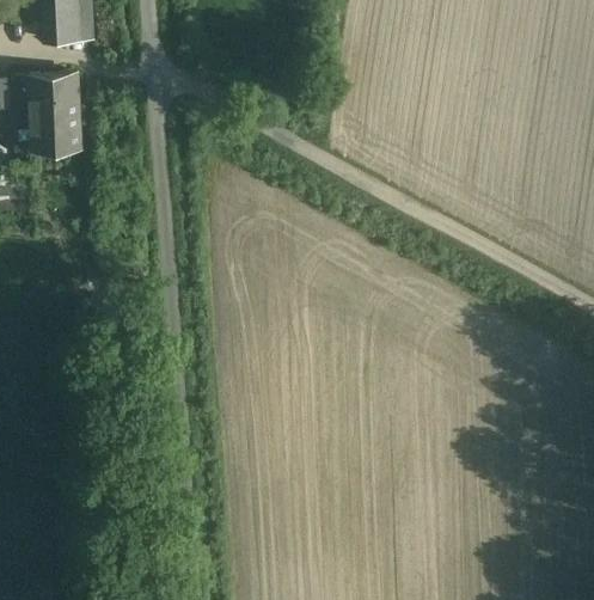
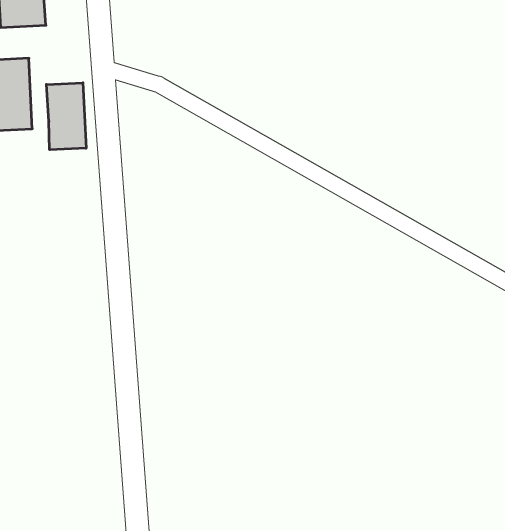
building: none -> [46,83,86,150]

